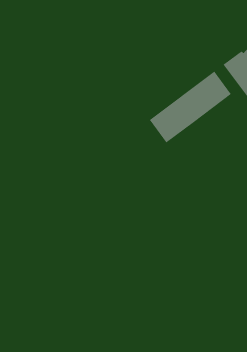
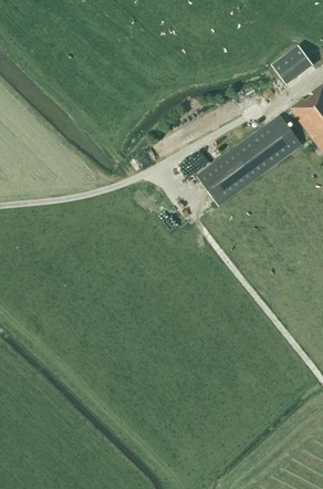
building: none -> [271,45,313,85]

